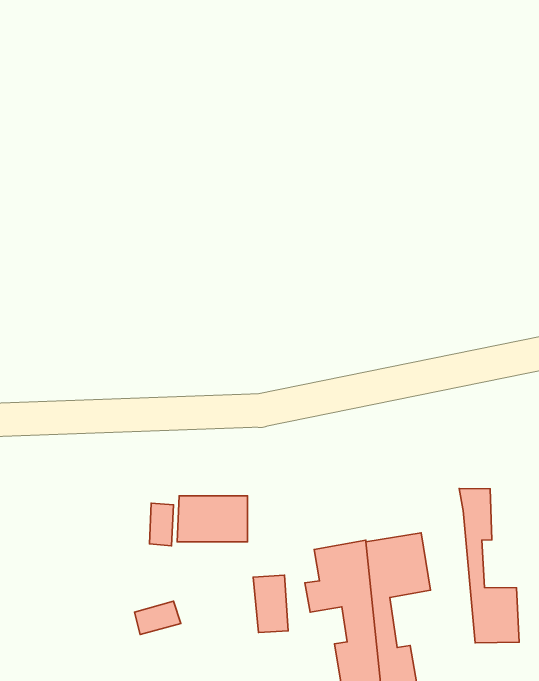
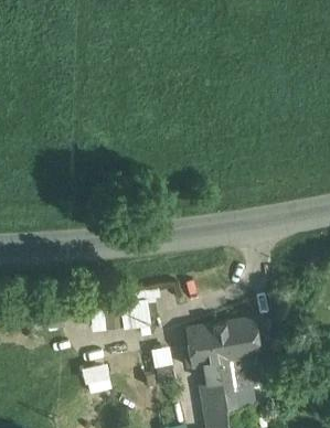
building: [459,488,519,643] -> none

